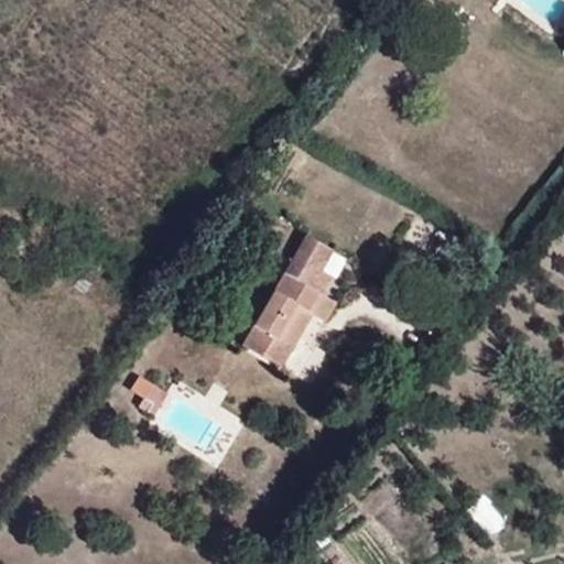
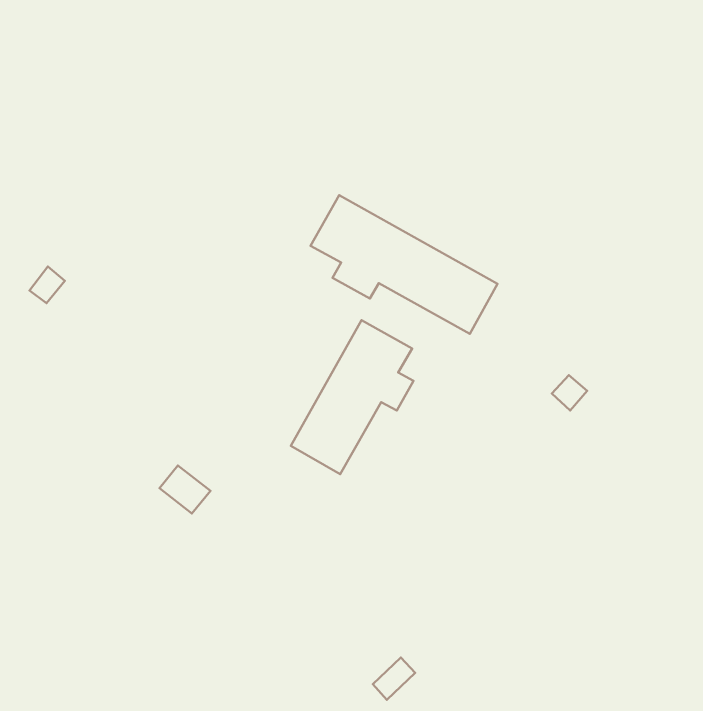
building: none -> [310,195,497,334]

